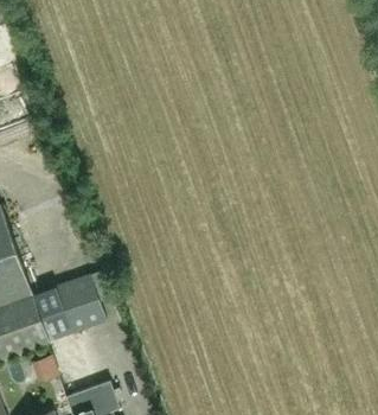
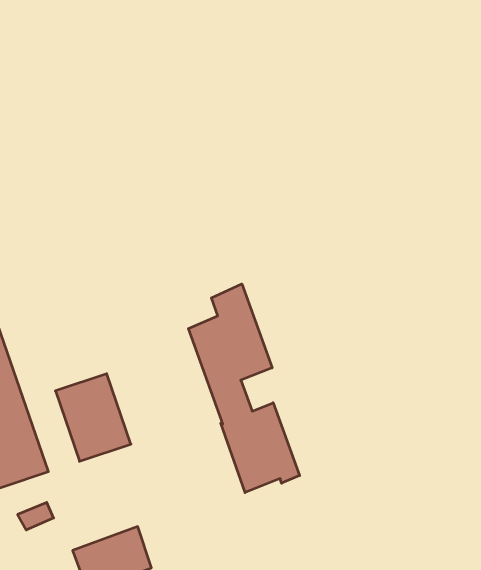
building: none -> [188,284,300,493]

